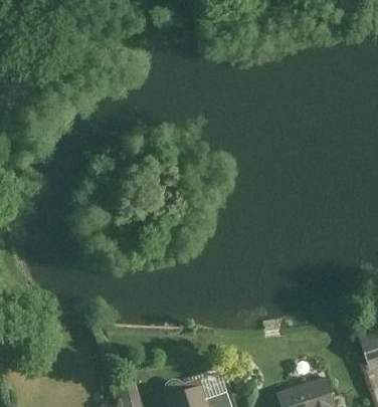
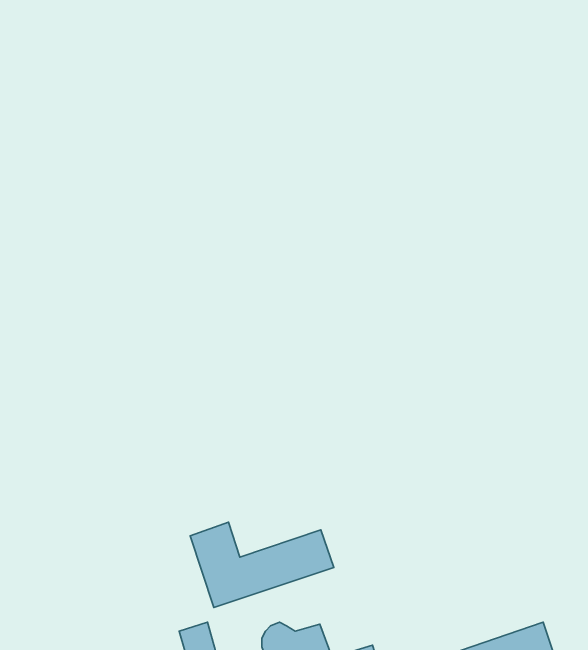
building: none -> [190,522,334,608]

